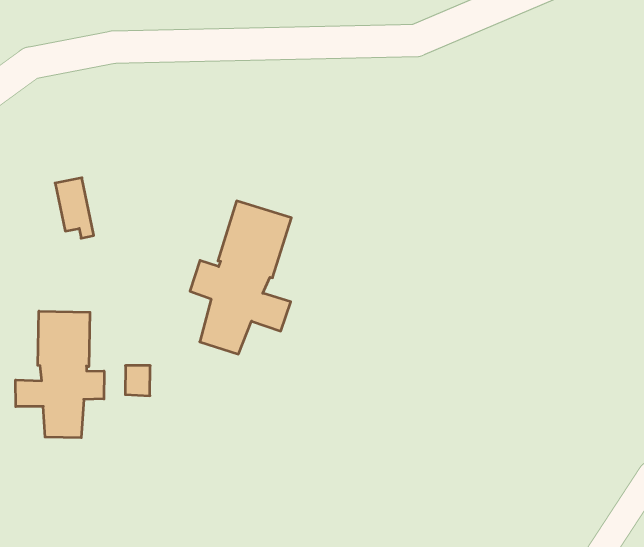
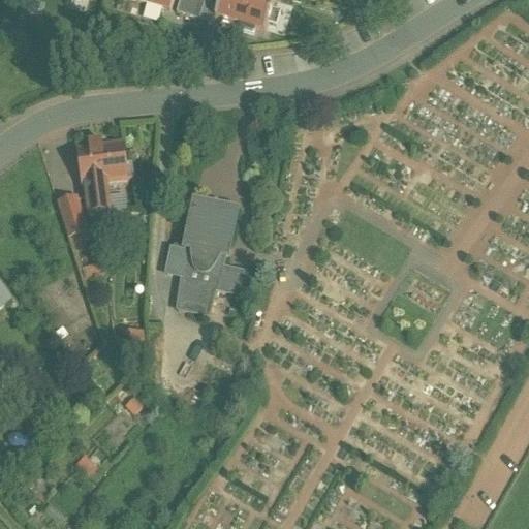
building: none -> [75,135,133,210]
building: [16,311,104,438] -> none

